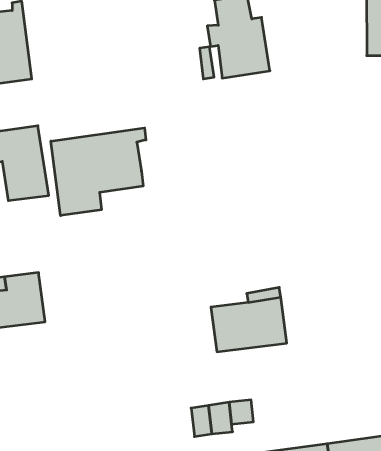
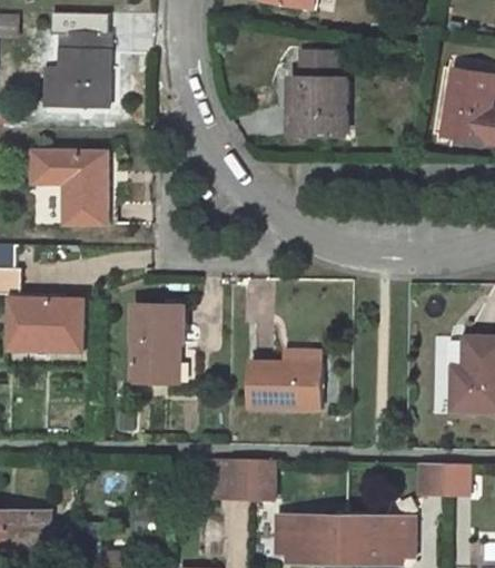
building: [51,128,146,216] -> none
building: none -> [133,305,182,382]

